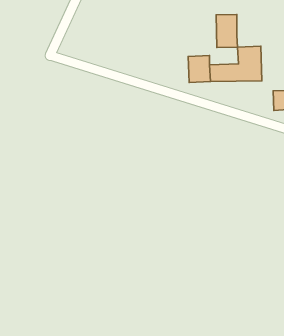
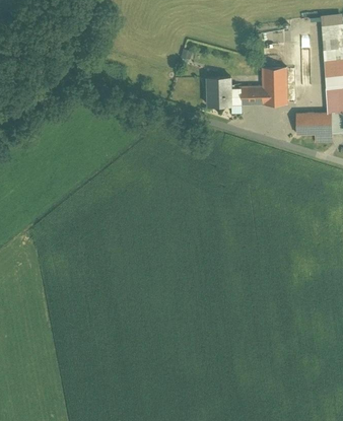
building: [216,14,238,47] -> none

